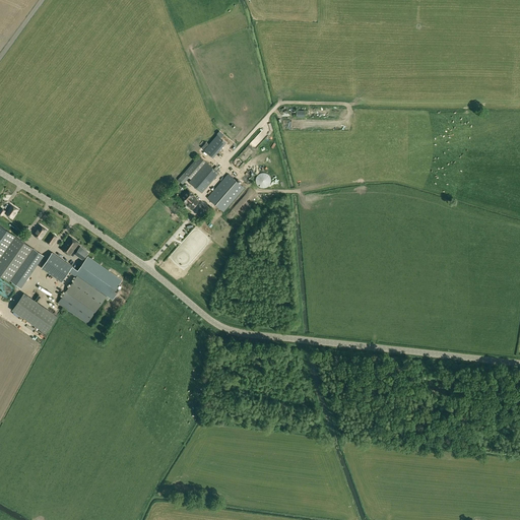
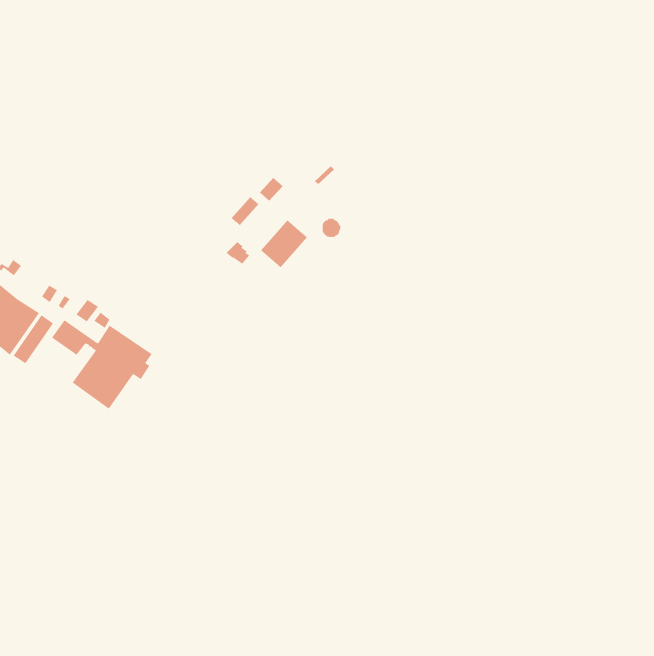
building: [188,161,218,193] -> none
building: [11,294,56,333] -> none

